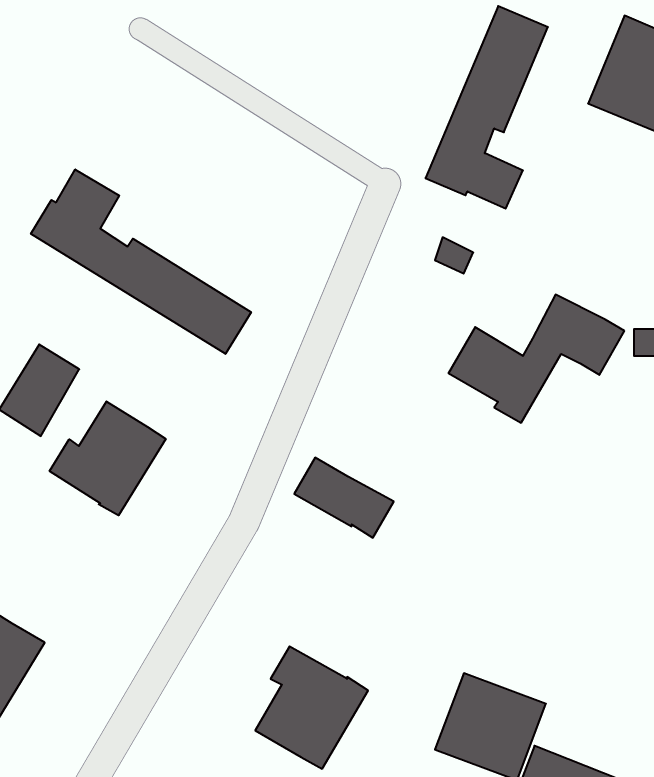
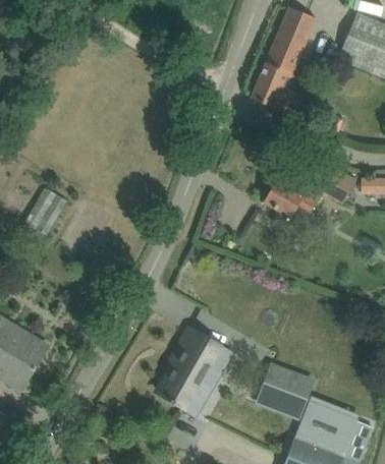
building: [31,169,251,354] -> none
building: [50,401,166,515] -> none
building: [294,458,394,538] -> [178,329,231,371]

